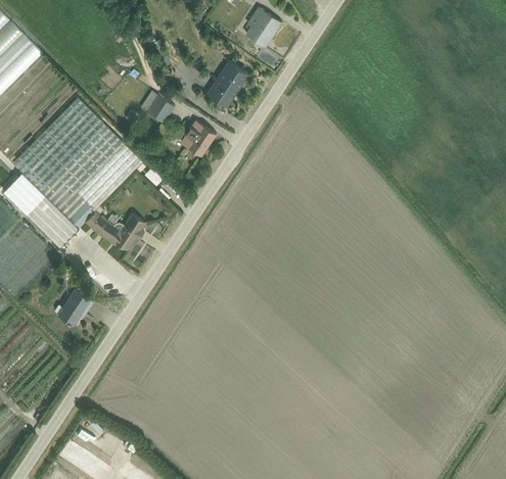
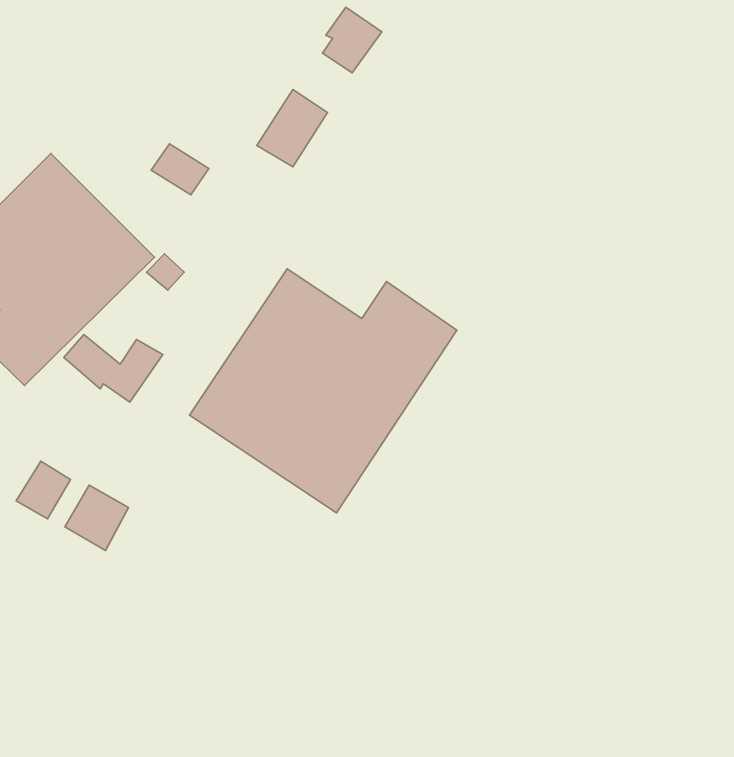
building: [180,121,216,155] -> none
building: none -> [190,269,457,513]
building: none -> [65,485,128,550]

